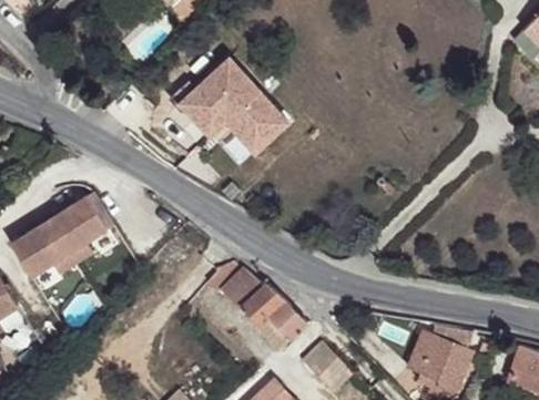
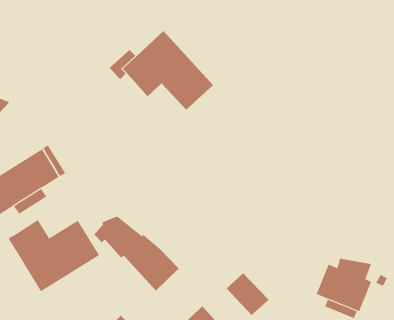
building: [206,260,307,349] -> [93,216,180,291]
building: none -> [8,219,100,292]

